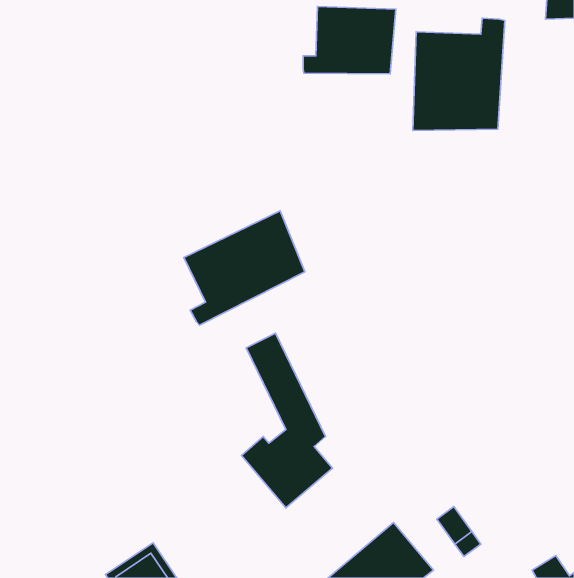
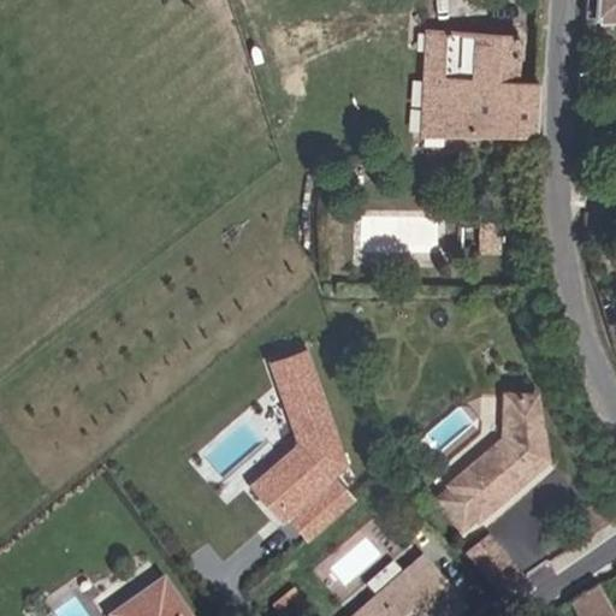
building: [303,7,396,74] -> none
building: [184,211,305,325] -> none
building: none -> [442,396,546,527]

